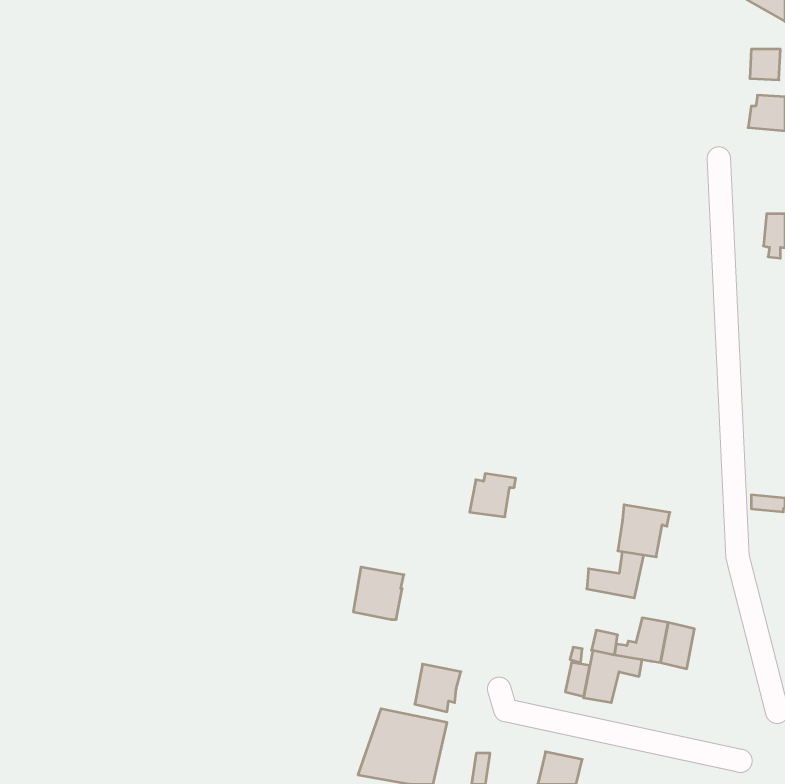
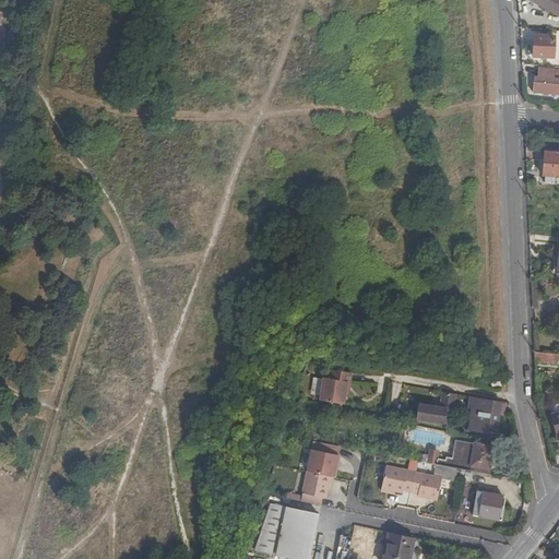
building: [470,474,516,517] -> [319,372,352,403]
building: [618,505,670,557] -> [468,397,506,435]
building: [353,567,404,619] -> [300,440,336,477]
building: none -> [380,466,406,492]
building: none -> [472,490,502,520]

